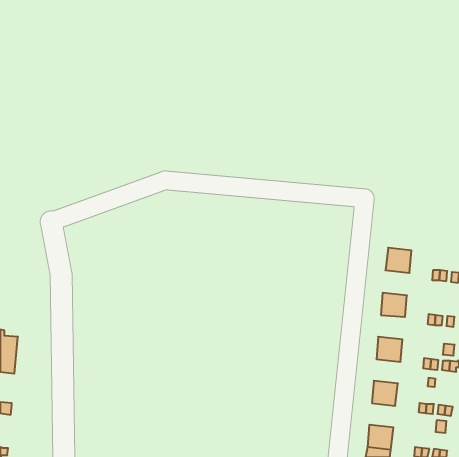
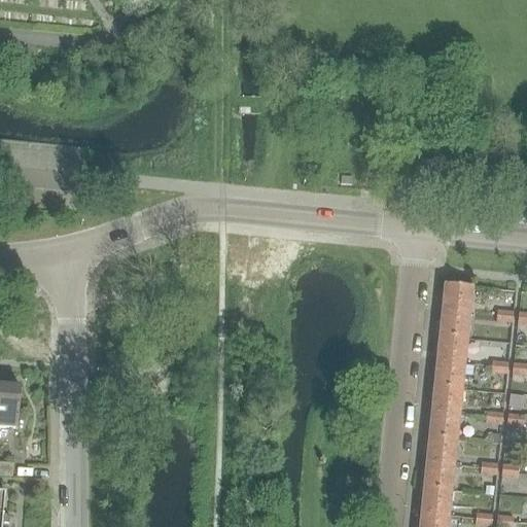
building: none -> [438,310,469,339]
building: none -> [433,361,464,389]
building: none -> [428,412,466,440]
building: none -> [423,462,453,490]

